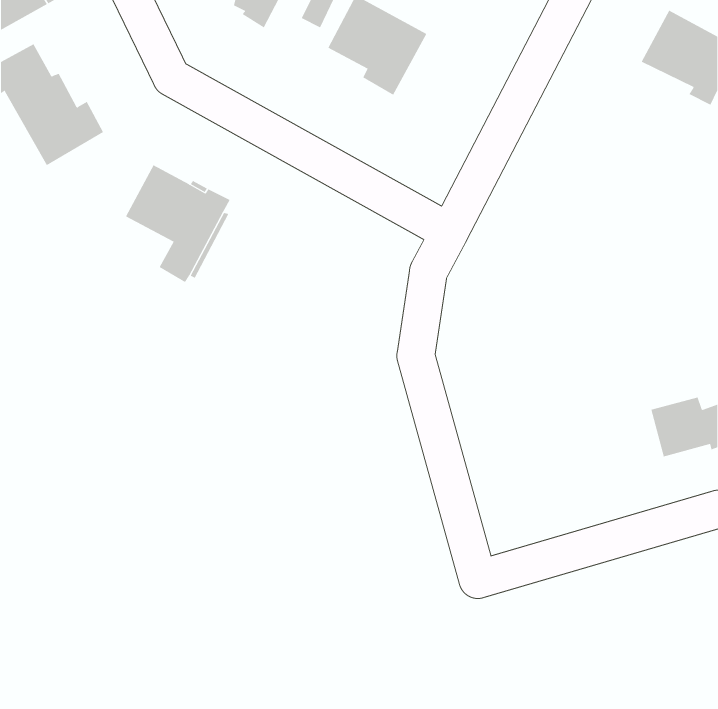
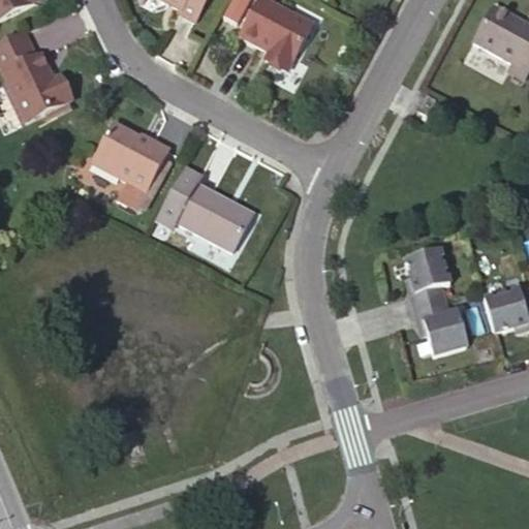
building: none -> [158,166,252,247]
building: none -> [401,251,463,357]

